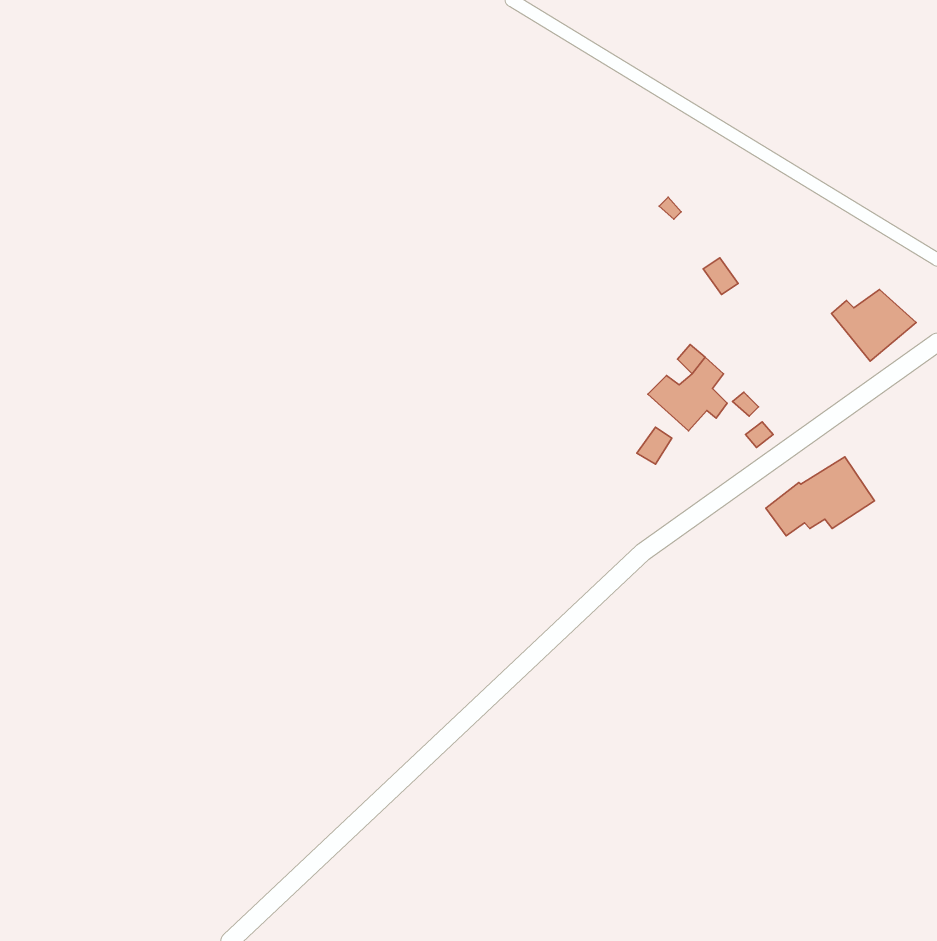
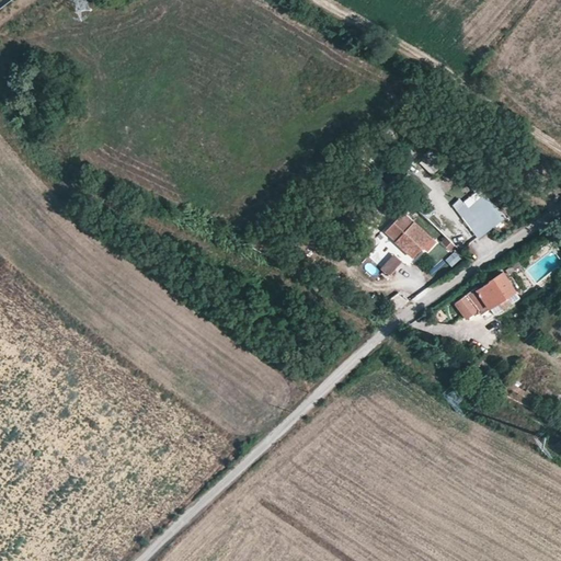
building: [832,289,916,361] -> [455,196,505,239]

